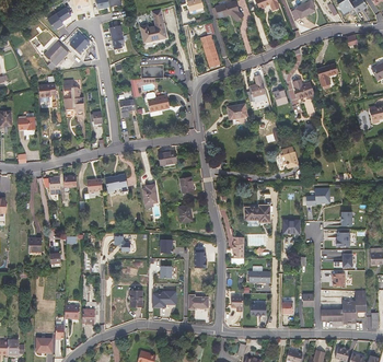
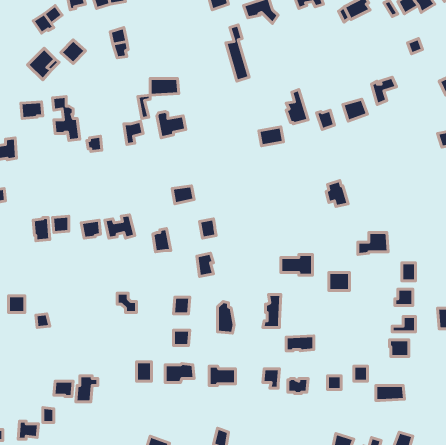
building: [139,9,166,42] -> none
building: [341,290,365,322] -> none

